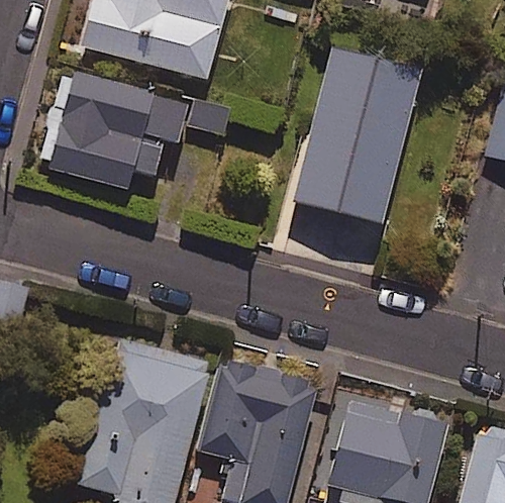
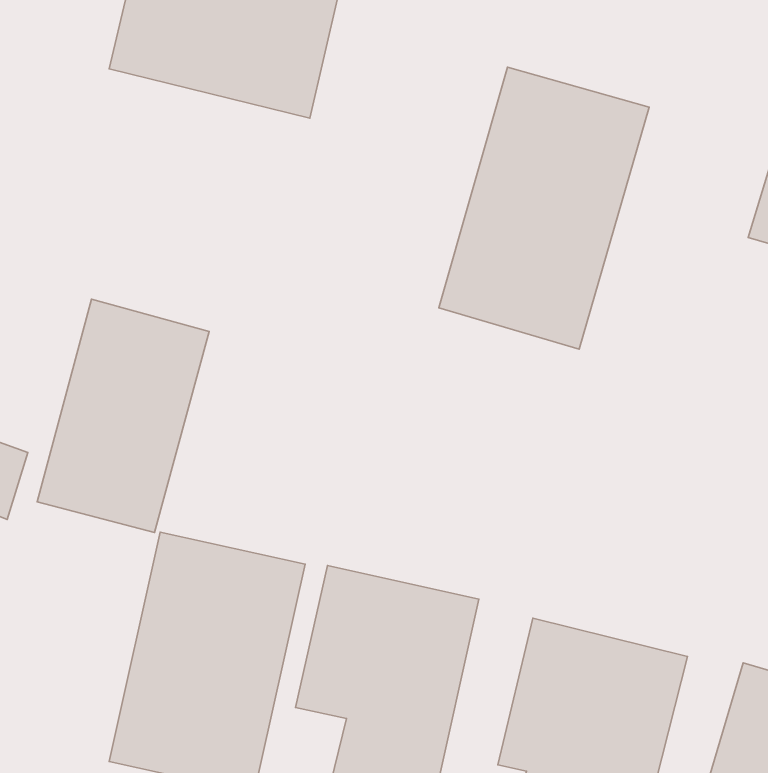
building: [49,72,229,189] -> none
building: none -> [37,299,209,533]

